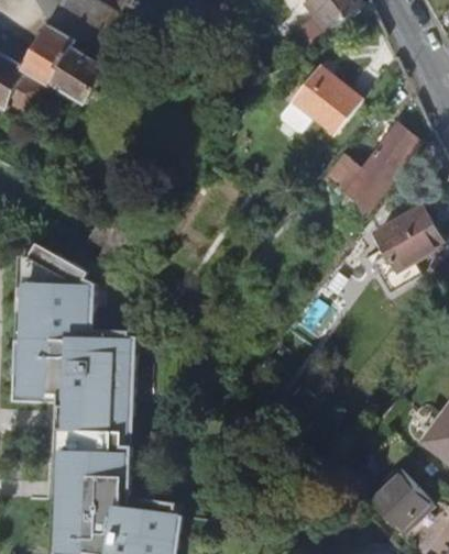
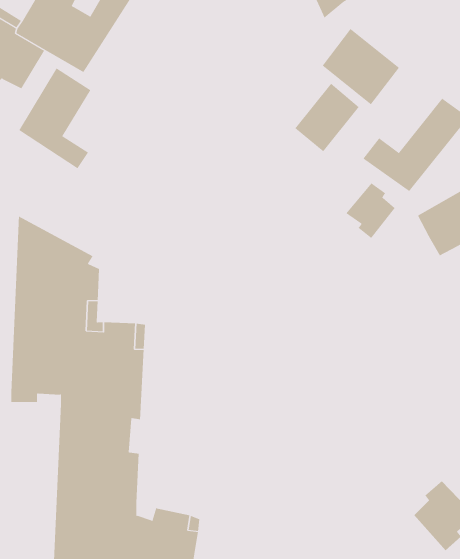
building: none -> [18,67,91,169]
building: none -> [295,83,359,152]
building: none -> [345,182,395,239]

